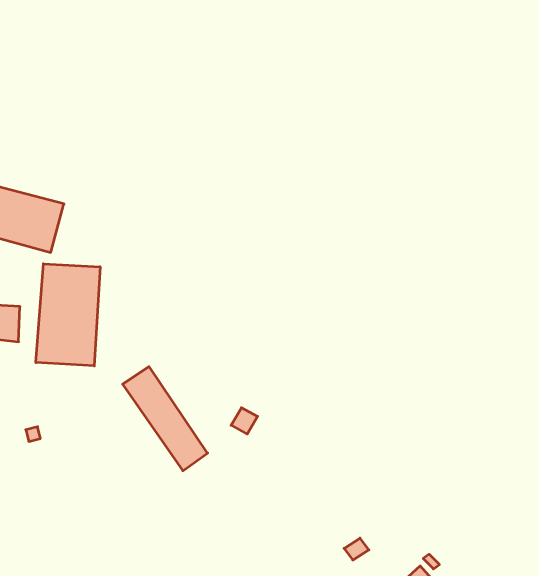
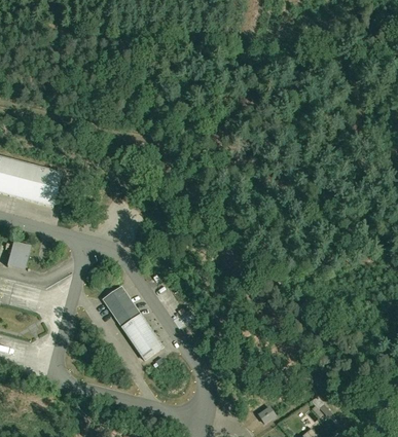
building: [36,264,100,366] -> none

